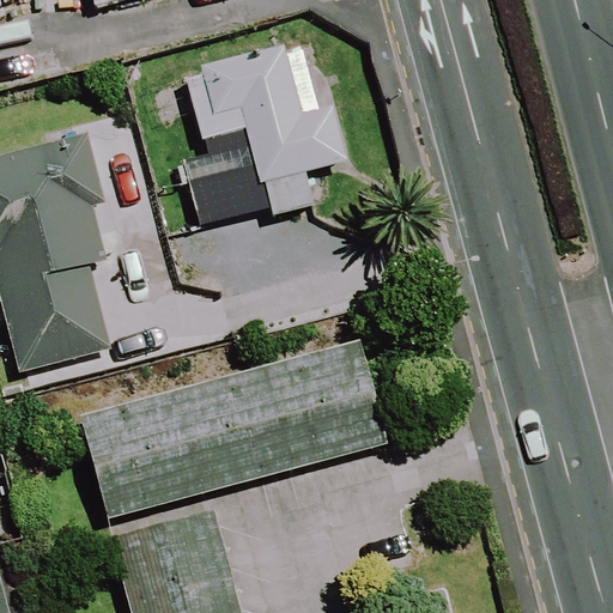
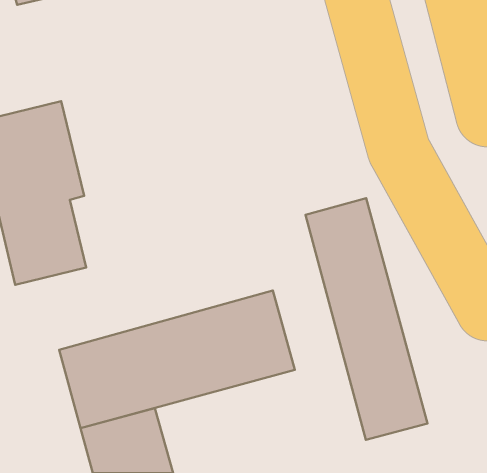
building: [182,30,350,213] -> none
building: none -> [305,198,428,440]

